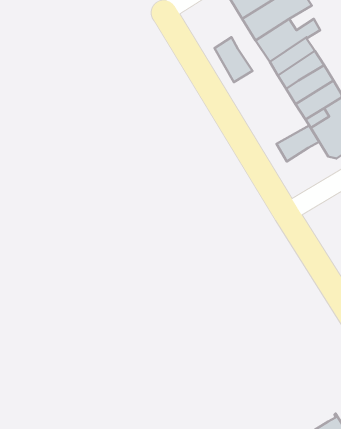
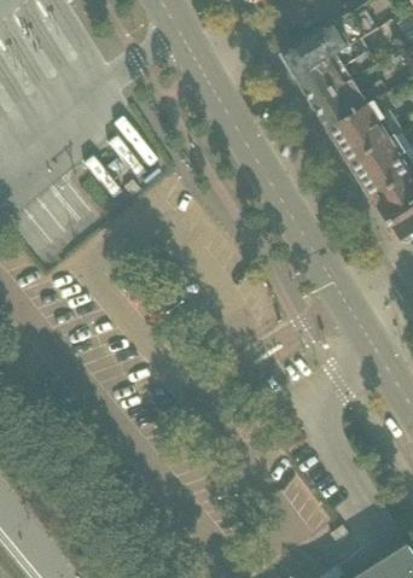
building: [215,37,252,82] -> none
building: [276,126,319,161] -> none

